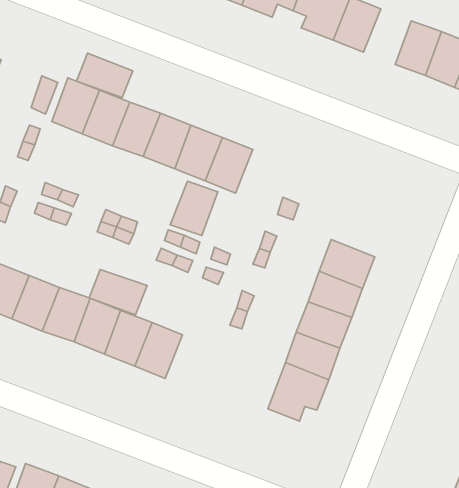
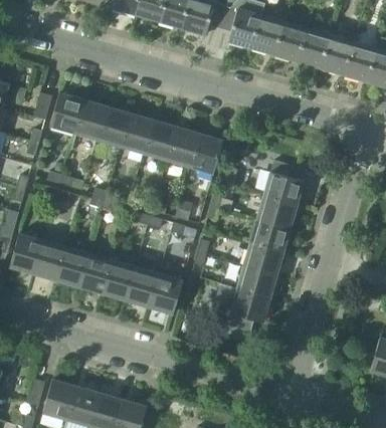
building: none -> [275,22,309,62]
building: [76,53,133,98] -> none
building: [170,181,218,236] -> [190,134,223,173]
building: none -> [263,160,304,205]
building: [89,269,147,315] -> none
building: none -> [150,274,183,313]

